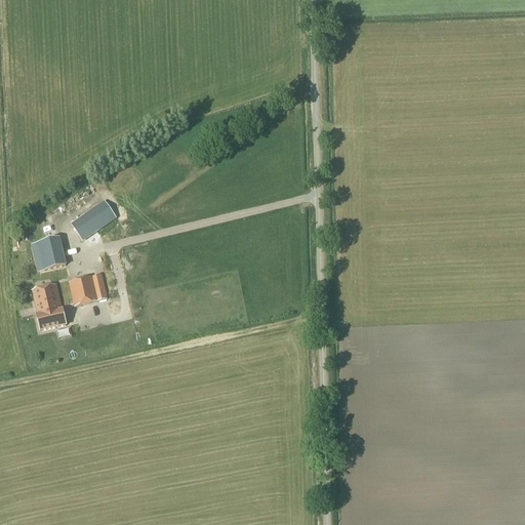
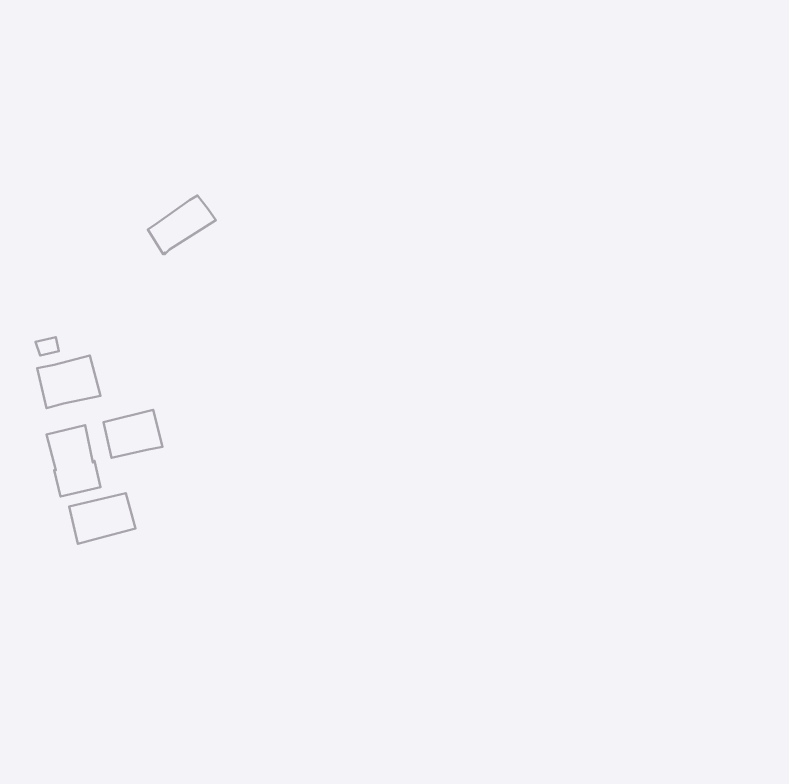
building: [72,198,117,237] -> [148,195,216,254]
building: none -> [69,493,136,544]

